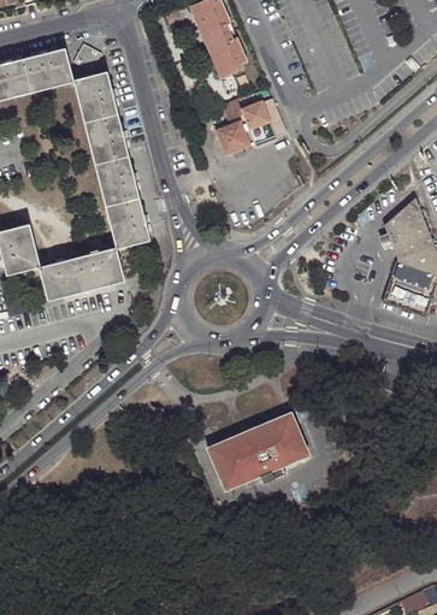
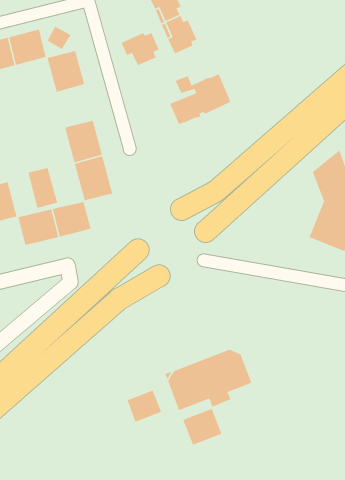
building: none -> [121,32,160,66]
building: [83,113,126,162] -> none
building: none -> [28,167,58,209]
building: none -> [126,390,162,423]
building: none -> [182,408,222,446]

